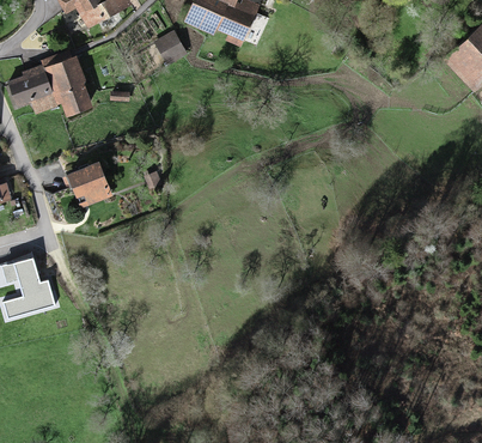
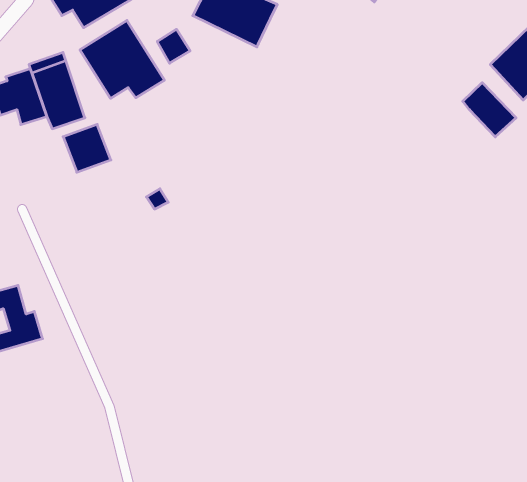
building: none -> [80,20,164,98]
building: none -> [463,83,516,137]
building: [68,164,110,206] -> [63,124,111,172]

